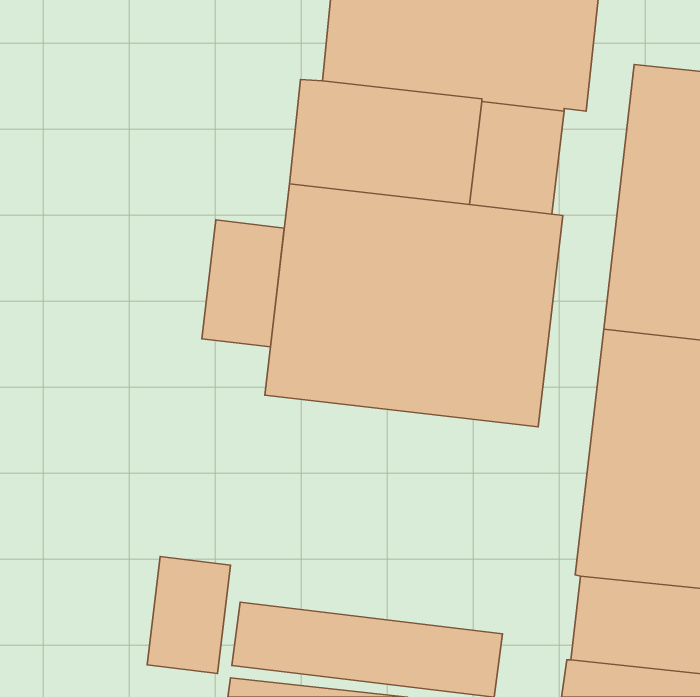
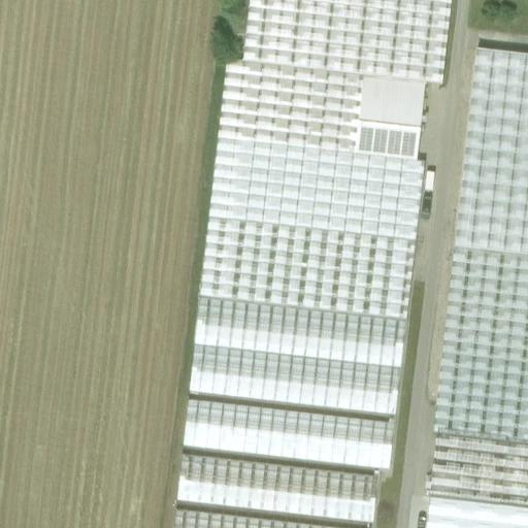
building: [202,220,284,347] -> none
building: none -> [189,297,405,415]
building: none -> [182,398,395,470]
building: [147,556,230,673] -> none

